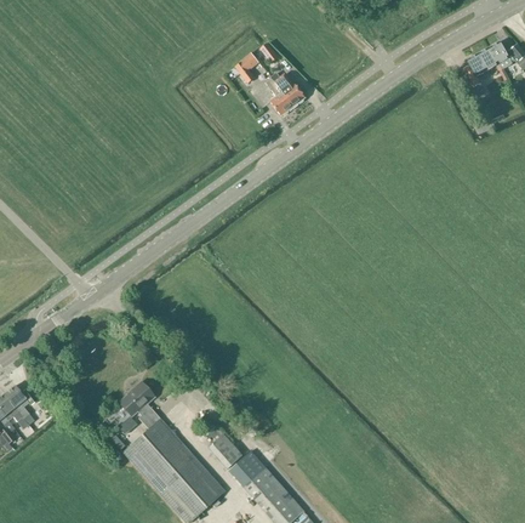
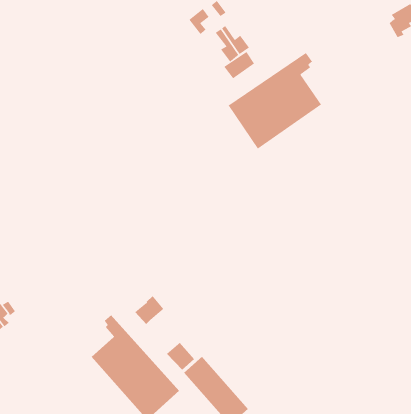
building: none -> [224,51,255,79]
building: none -> [228,52,322,149]
building: [120,381,154,415] -> [135,295,164,325]

